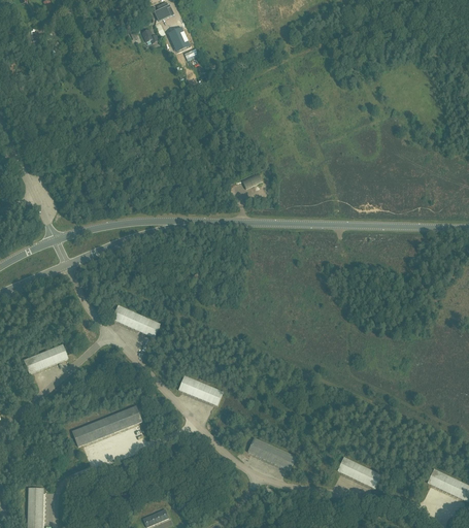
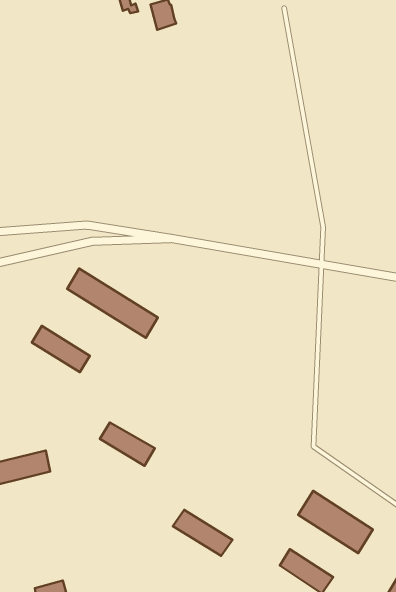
building: none -> [67,269,158,338]
building: none -> [298,491,373,553]

